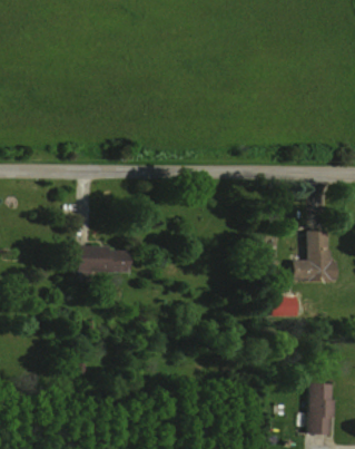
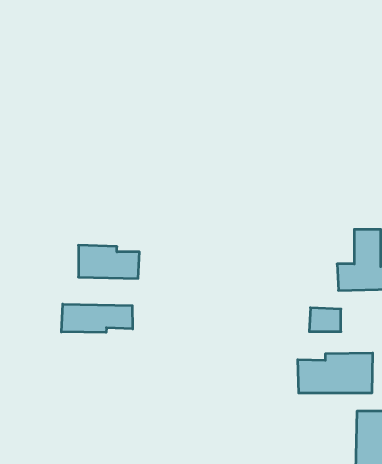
building: none -> [61,304,133,332]
building: none -> [298,353,373,393]

